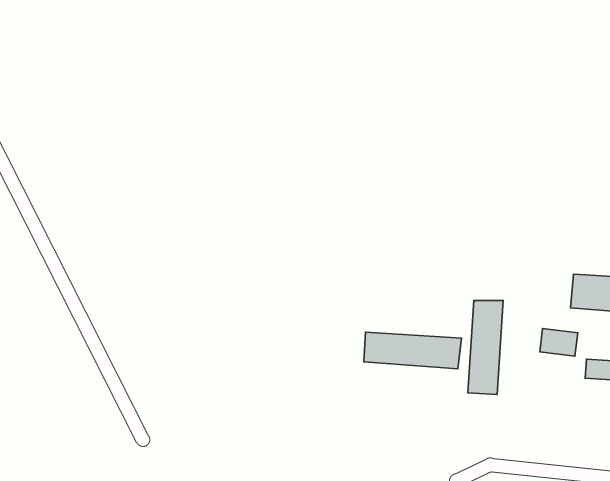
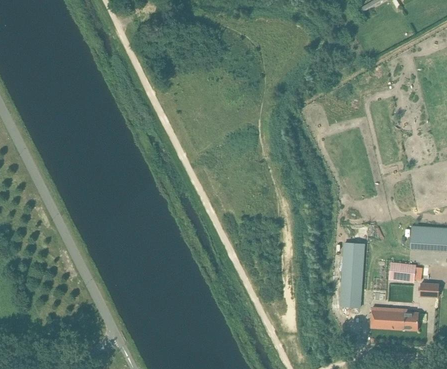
building: [364,332,461,369] -> none
building: none -> [371,307,419,330]

